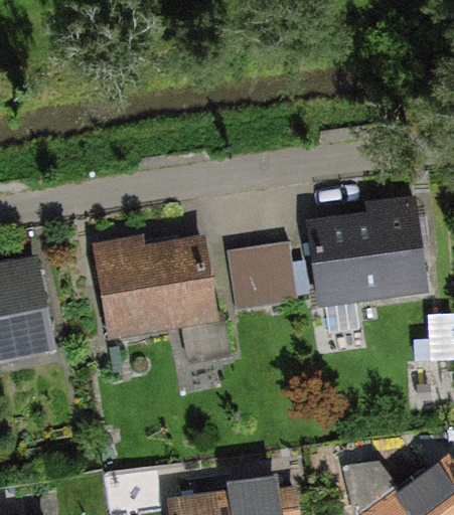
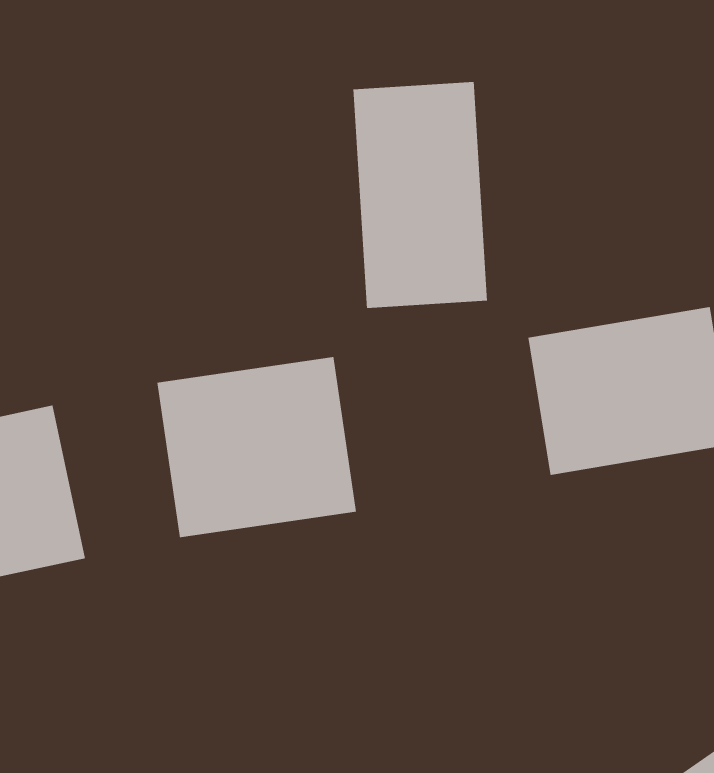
building: none -> [353,81,488,309]
building: [229,238,313,306] -> none

